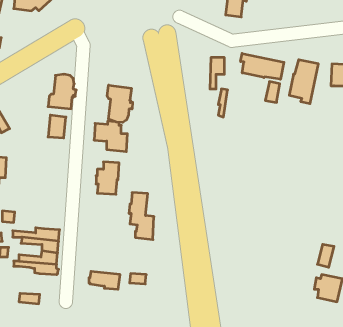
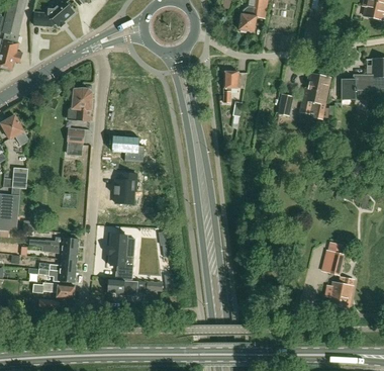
building: [241,53,284,79] -> none
building: [107,85,133,122] -> none
building: [129,193,154,240] -> [108,235,132,280]
building: none -> [32,282,74,299]

